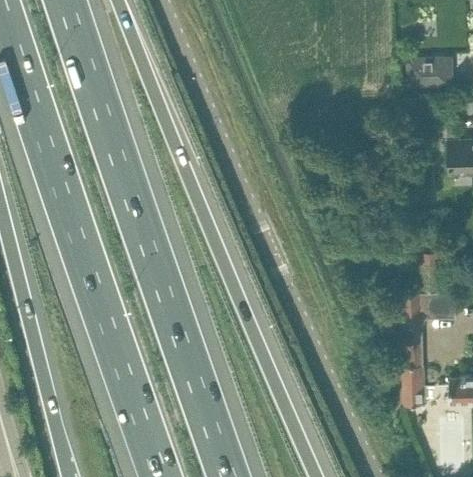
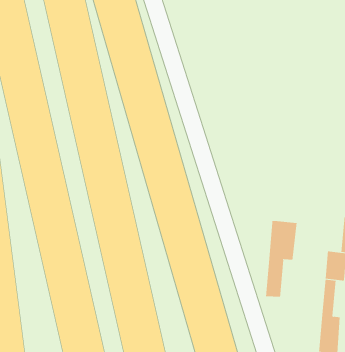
building: none -> [266,220,297,298]

